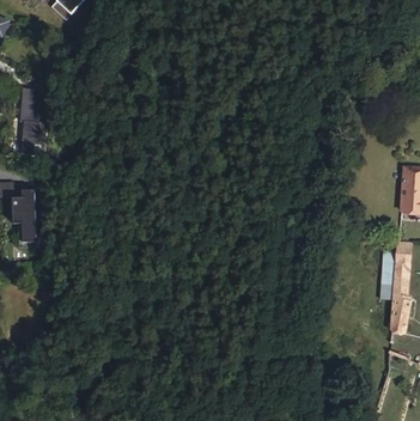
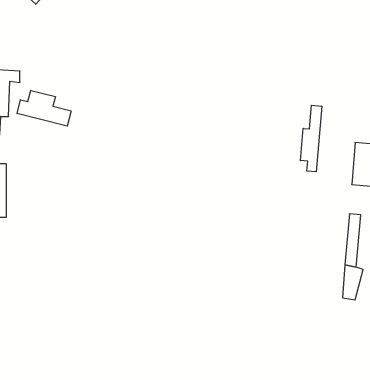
building: none -> [17,90,71,126]
building: none -> [300,105,322,172]

